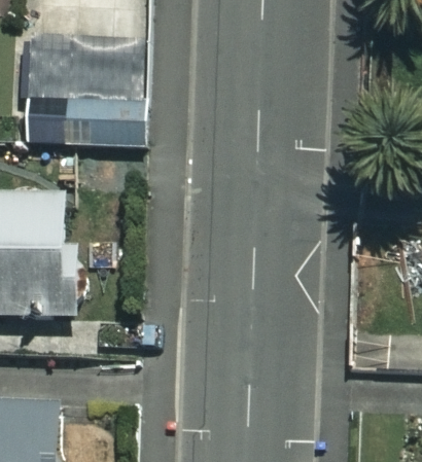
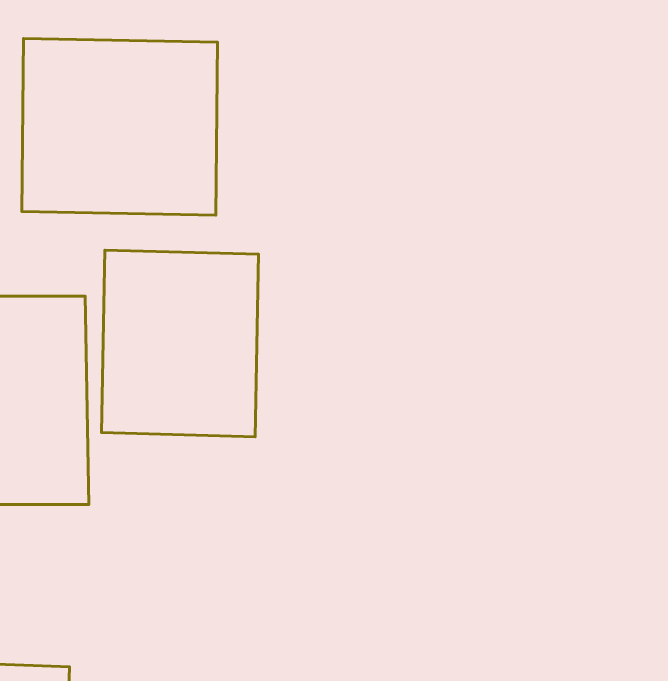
building: none -> [102,250,258,437]

